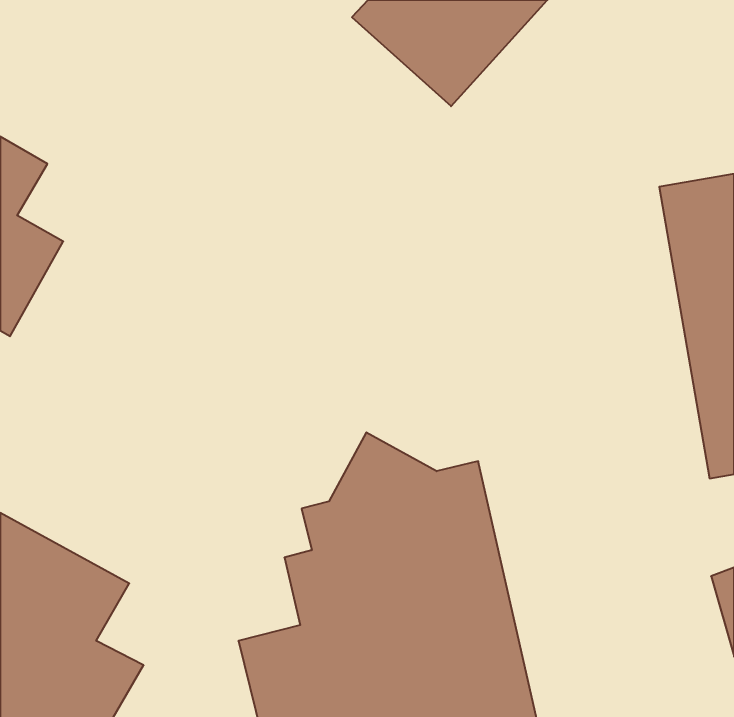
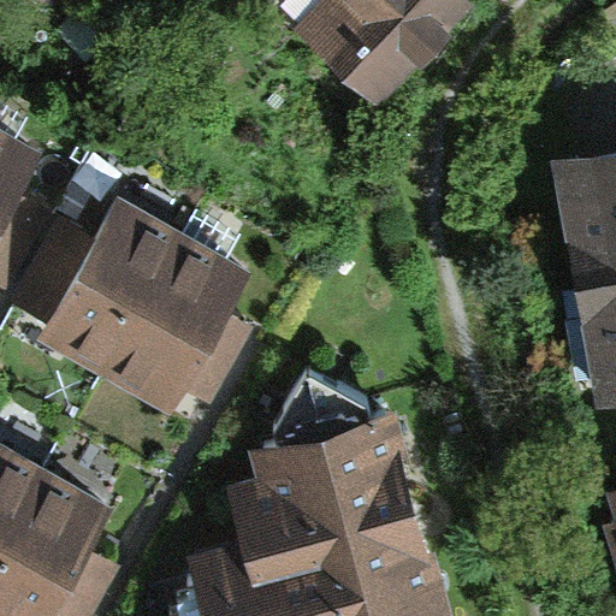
building: none -> [16,202,247,404]

